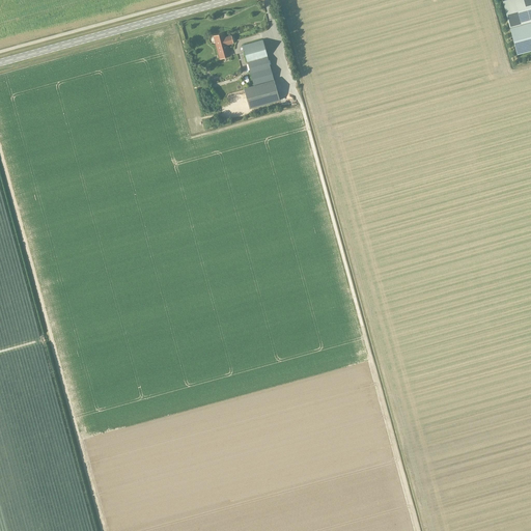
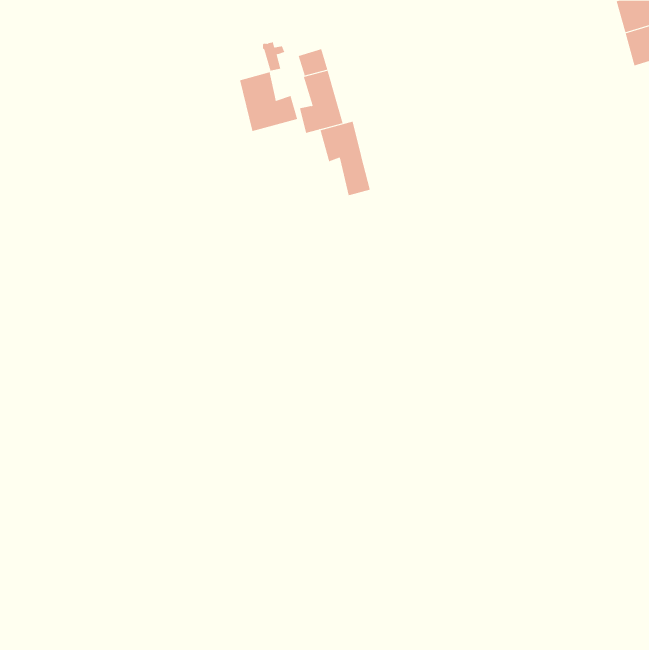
building: none -> [239,71,298,132]
building: none -> [320,121,370,196]

